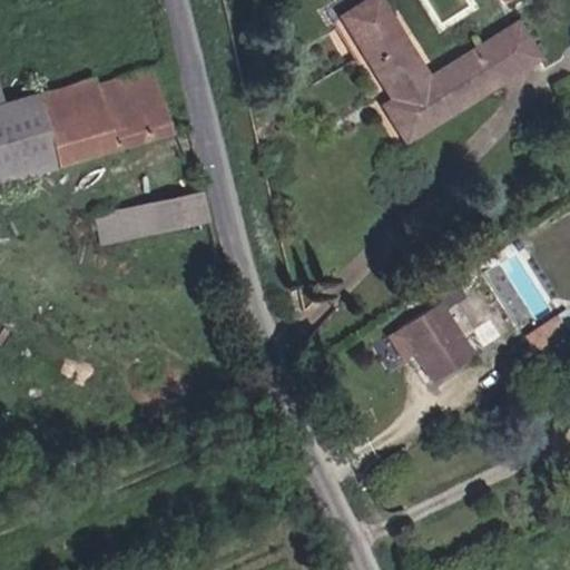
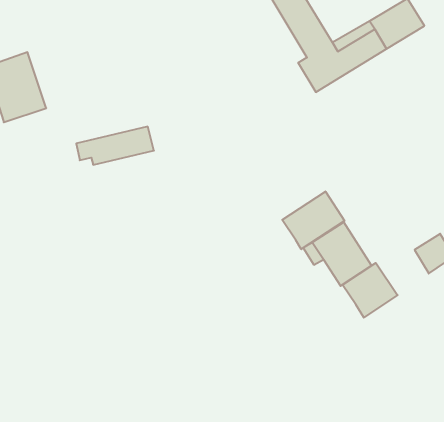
building: [38,63,170,163] -> none
building: none -> [282,191,344,249]
building: none -> [342,263,398,318]

